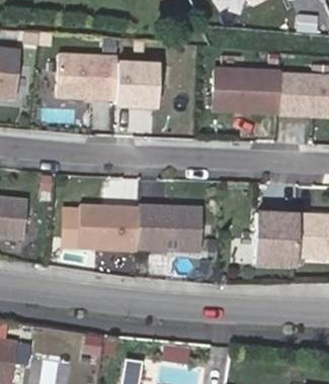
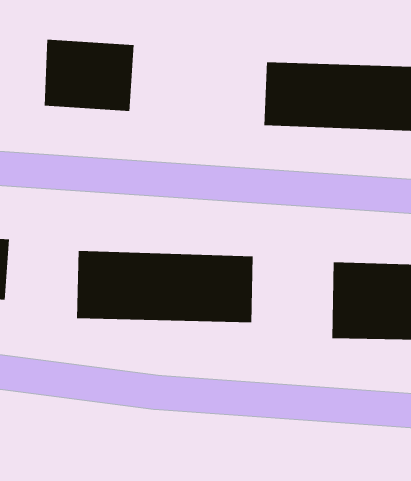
building: [118,62,158,106] -> none

